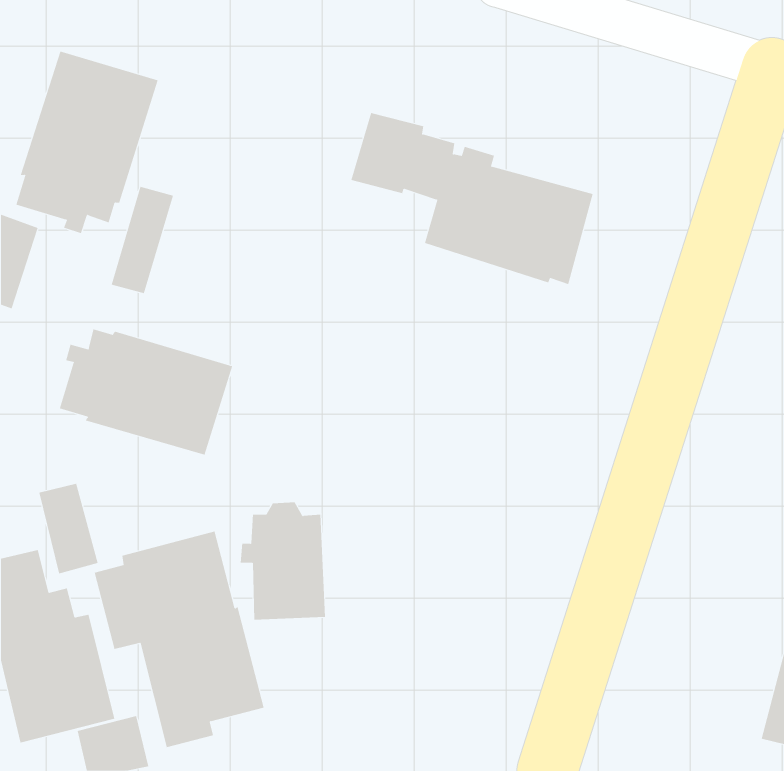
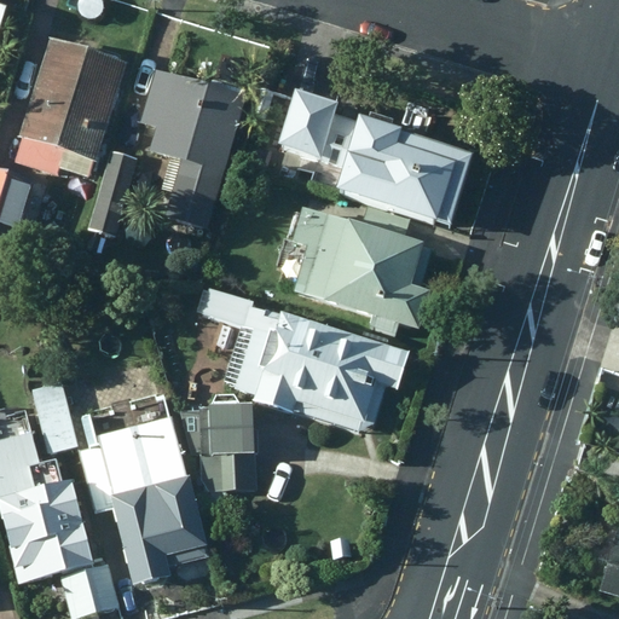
building: none -> [141,70,244,227]
building: none -> [293,209,432,331]
building: [59,329,233,455] -> none
building: none -> [198,285,407,429]

